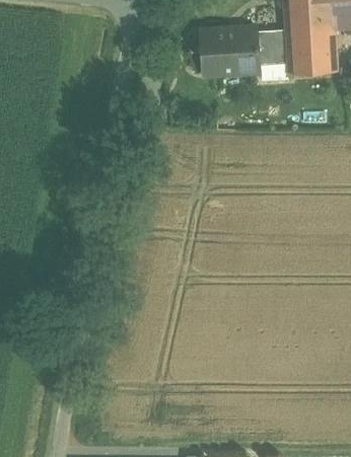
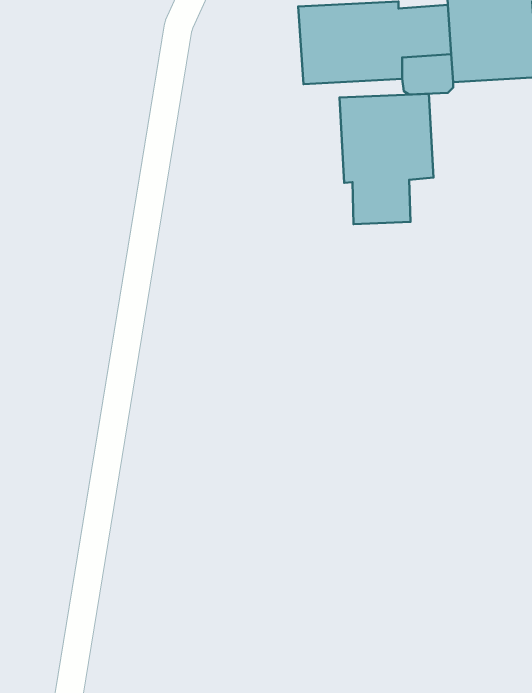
building: none -> [340,94,433,224]

